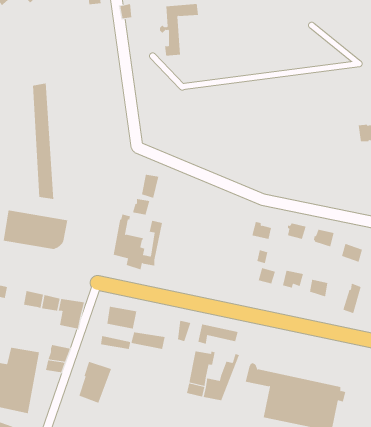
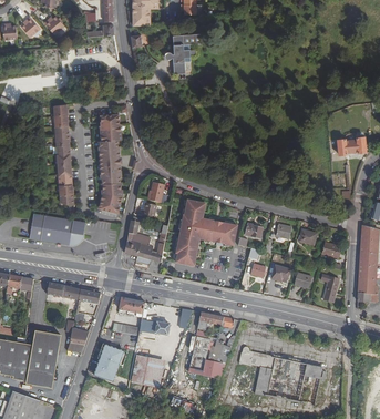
building: none -> [99,114,123,212]
building: none -> [173,197,236,265]
building: none -> [131,354,164,387]

